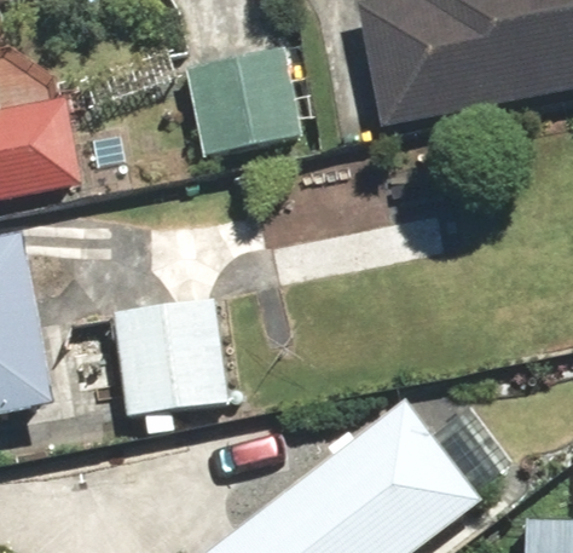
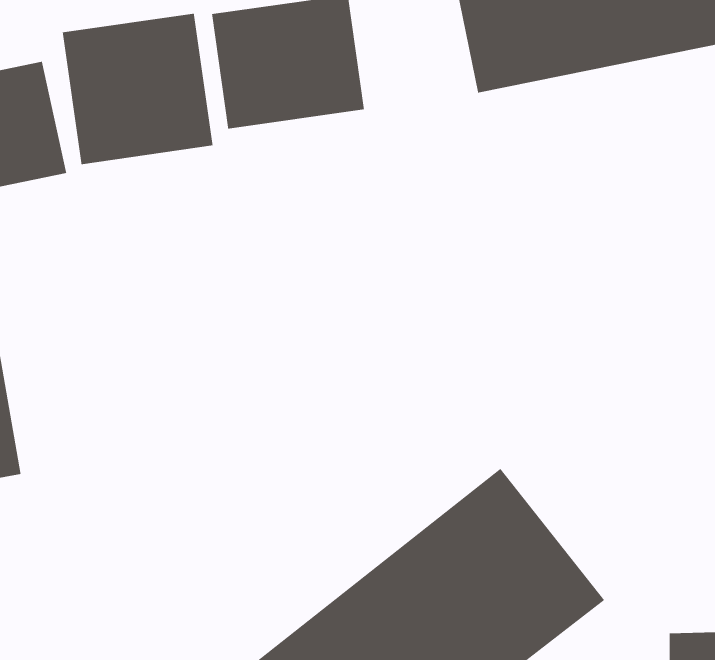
building: none -> [62,13,213,165]
building: [115,298,231,415] -> none

